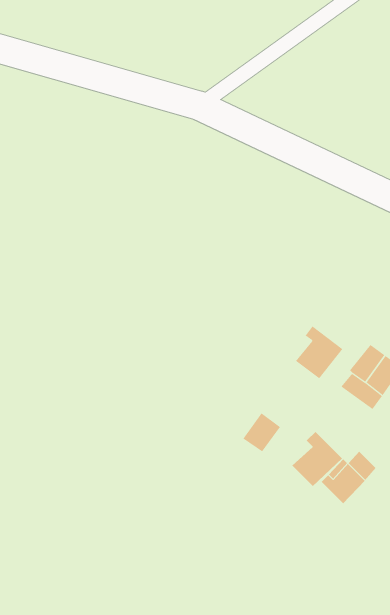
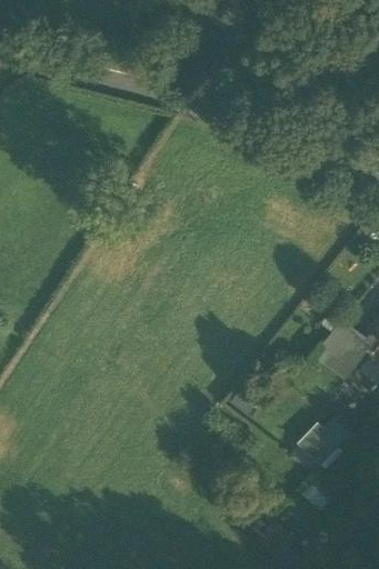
building: [295,326,343,379] -> none
building: [292,431,343,487] -> none

